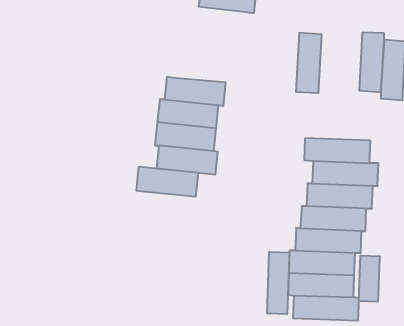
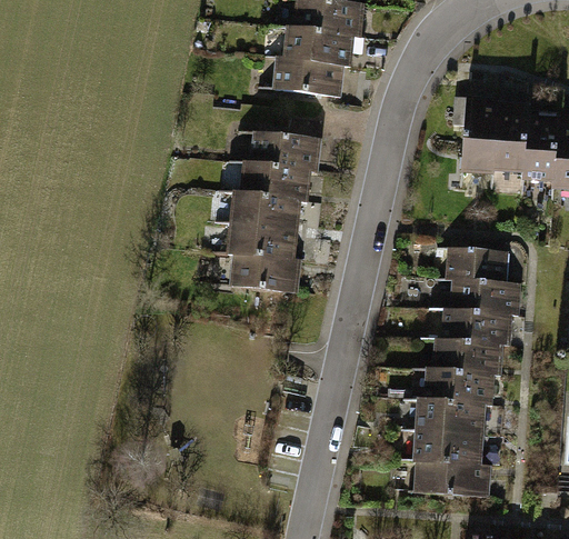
building: none -> [263,60,343,101]
building: [296,33,322,93] -> [466,94,501,177]
building: none -> [240,127,325,167]
building: [136,167,198,197] -> none
building: [267,252,290,314] -> none
building: [359,255,380,302] -> none

